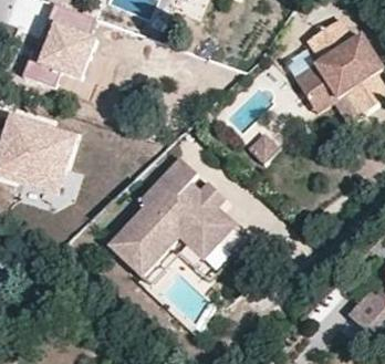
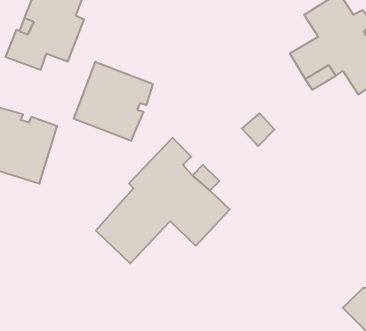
building: none -> [74,62,153,141]

